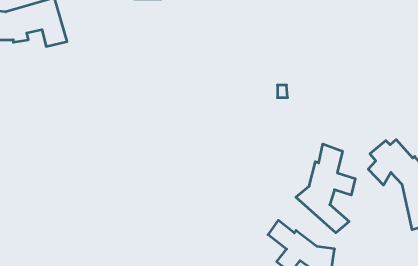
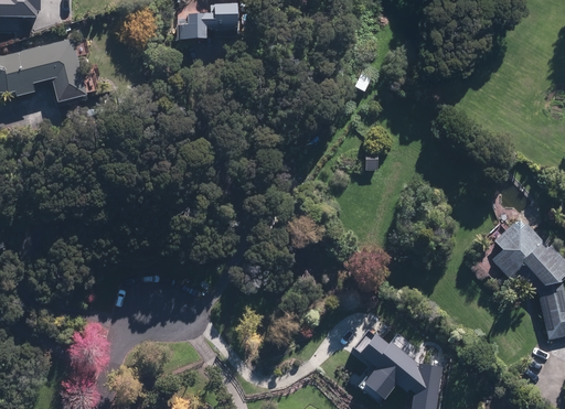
building: [296,144,355,233] -> none

